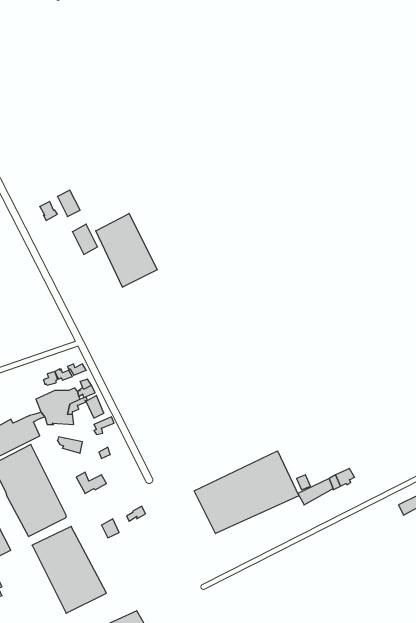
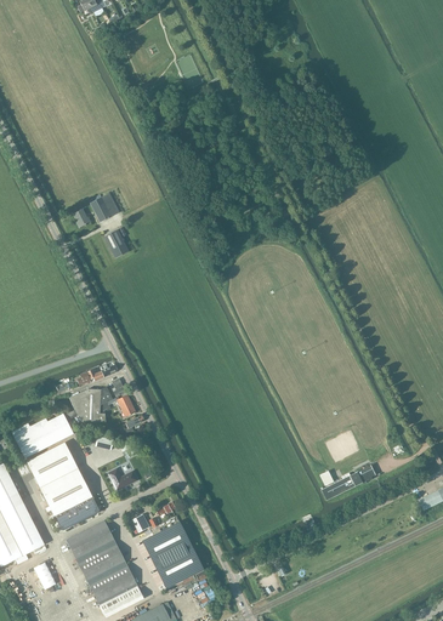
building: [96,213,157,287] -> none
building: [194,451,299,534] -> none
building: none -> [142,522,203,587]

